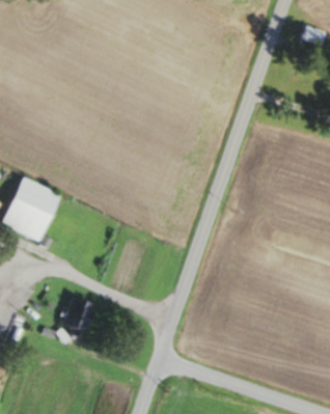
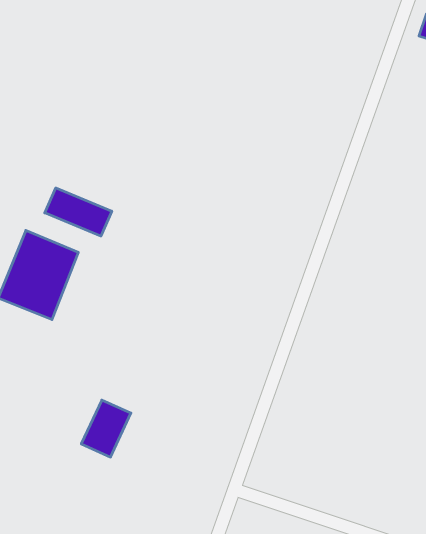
building: none -> [45,188,112,236]

